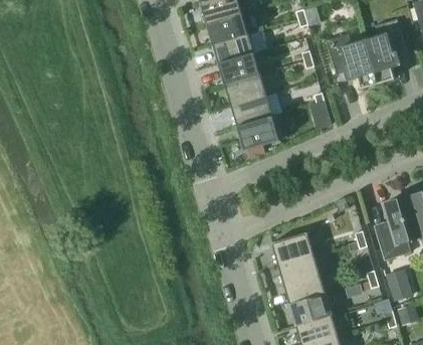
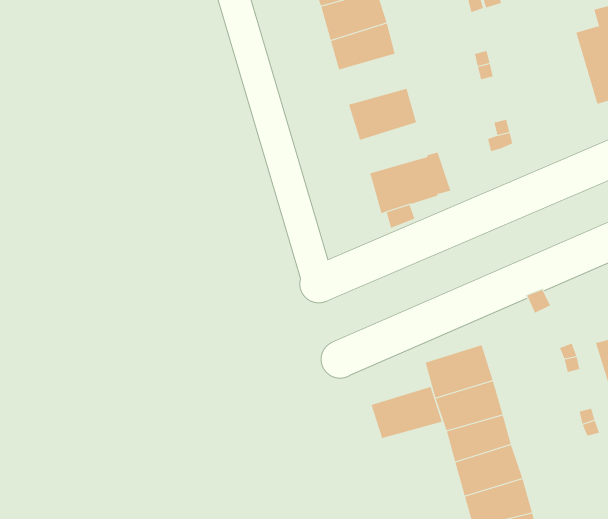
building: [326,33,377,89] -> none
building: [218,52,260,83] -> none
building: [231,95,272,126] -> none
building: none -> [371,386,443,439]

